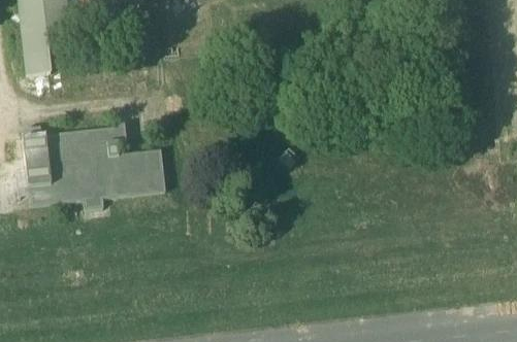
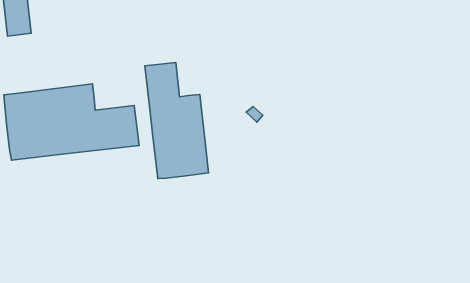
building: none -> [145,62,209,178]

